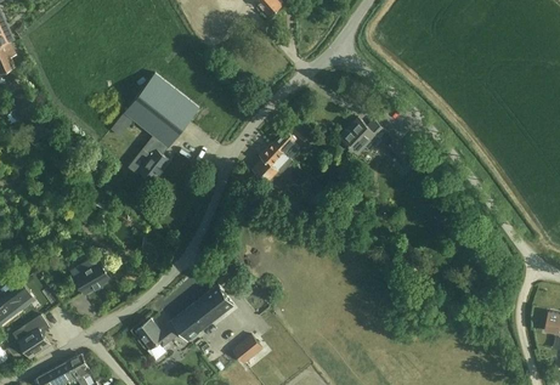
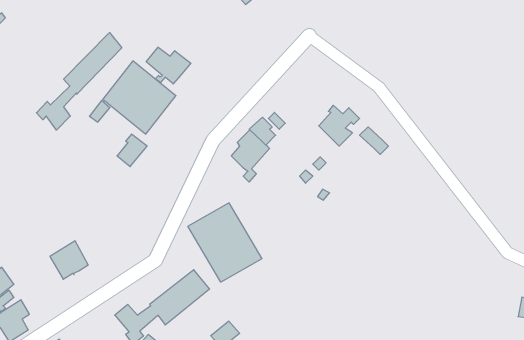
building: none -> [36,33,122,130]
building: none -> [146,47,191,84]
building: none -> [188,203,262,282]

